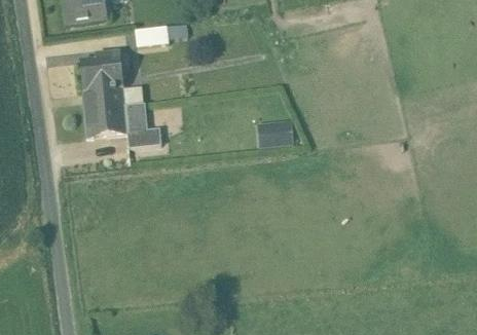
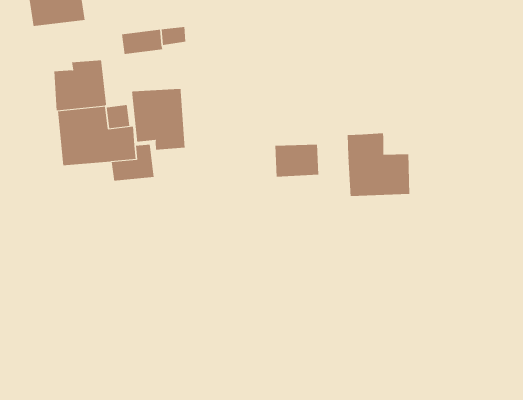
building: none -> [131,86,185,151]
building: none -> [347,133,410,197]

